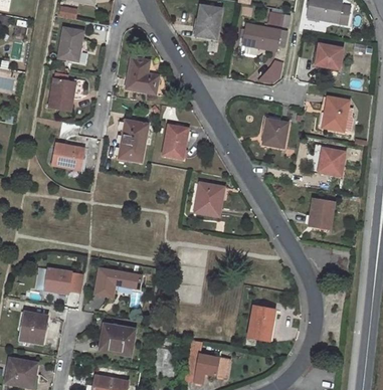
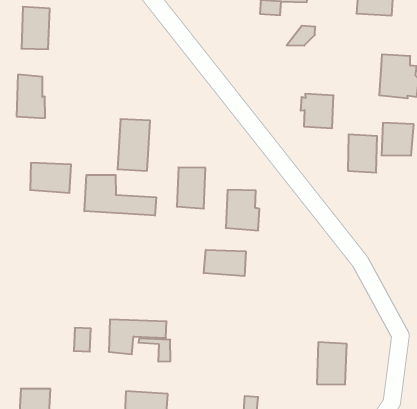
building: [126,57,158,92] -> none
building: [162,125,187,158] -> [177,167,205,209]
building: none -> [84,175,156,216]
building: [308,198,333,229] -> [348,134,377,173]
building: none -> [204,250,246,276]
building: [44,267,71,292] -> none

